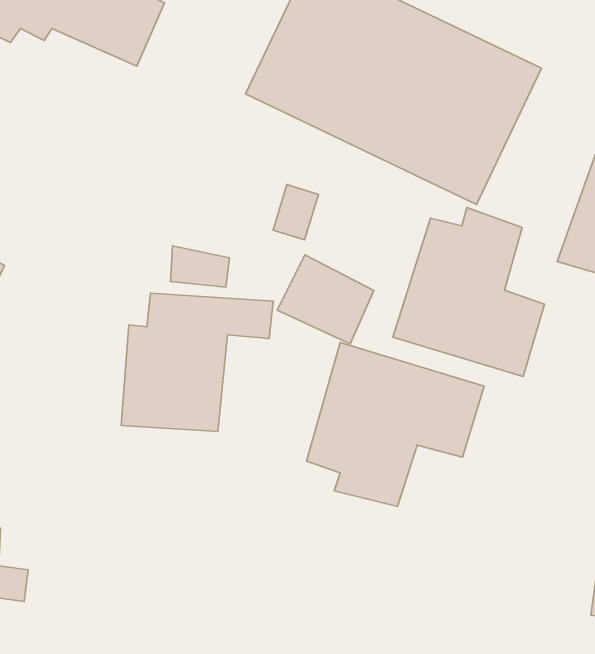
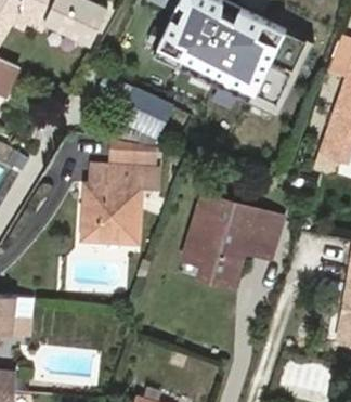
building: [393,208,545,376] -> none
building: [277,255,374,344] -> [117,87,170,135]

